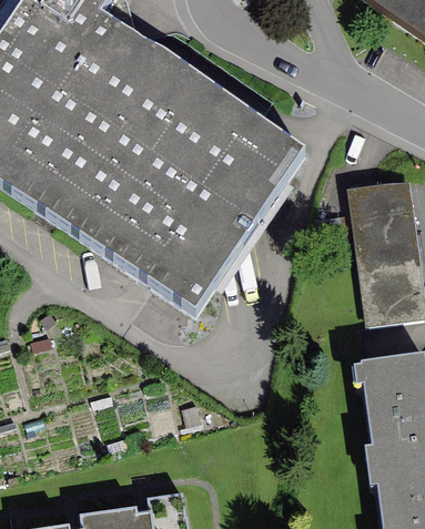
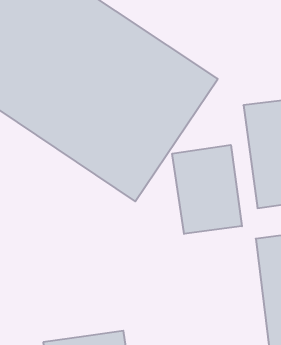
building: none -> [172,145,242,234]

